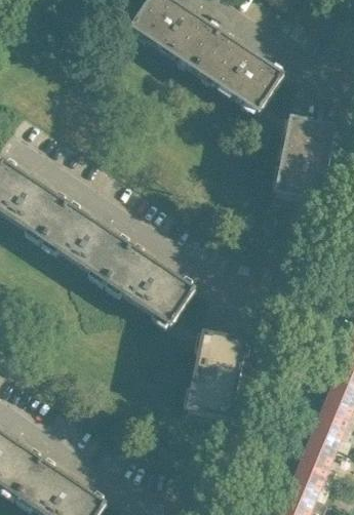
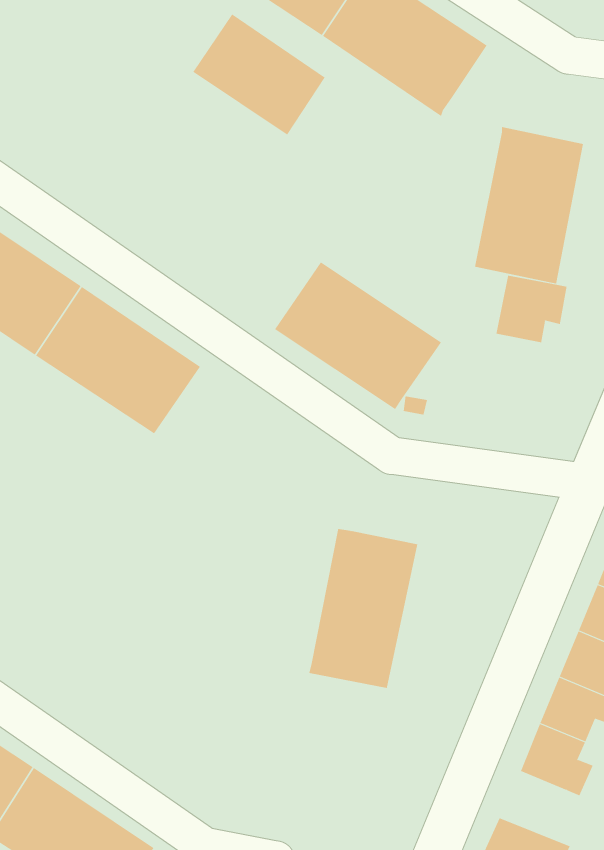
building: none -> [192,13,325,135]
building: none -> [496,275,567,343]
building: [106,247,195,326] -> [274,262,442,410]
building: [290,463,325,498] -> none

